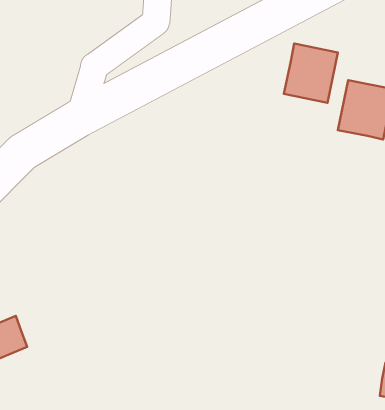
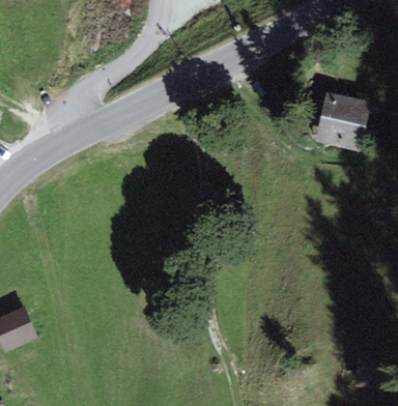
building: [284,44,338,103] -> none

